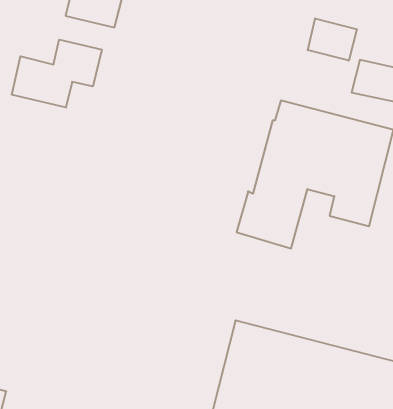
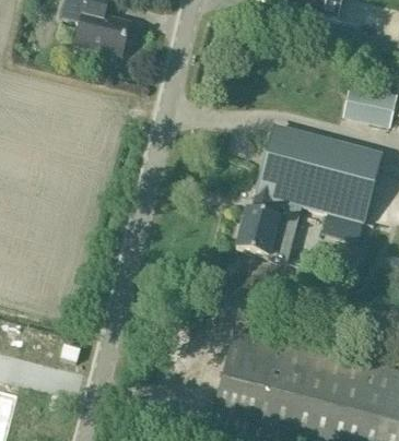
building: [308,18,357,61] -> none
building: [12,40,102,108] -> none

